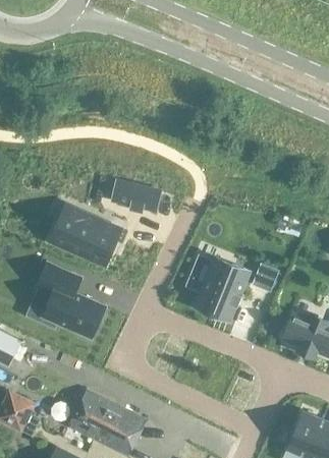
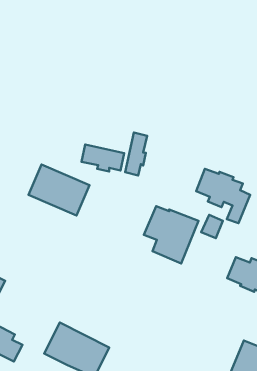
building: none -> [125,132,147,176]
building: none -> [196,169,250,223]
building: [25,263,104,337] -> none

